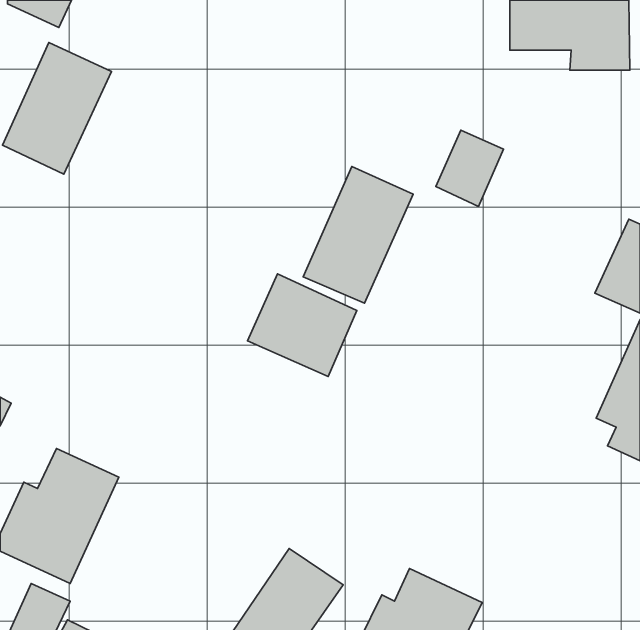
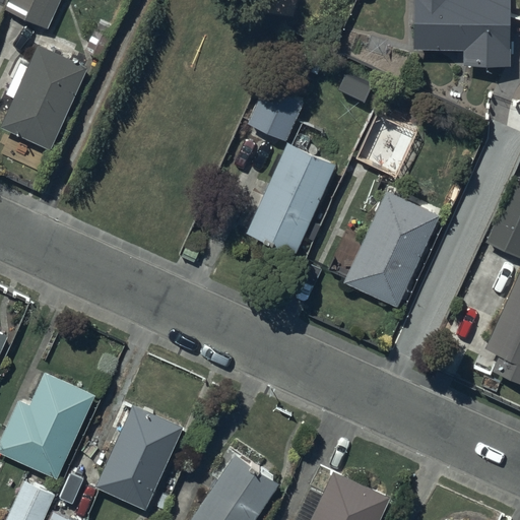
building: none -> [246,84,304,141]
building: none -> [339,191,440,307]
building: [248,274,357,376] -> none
building: none -> [96,404,185,510]

